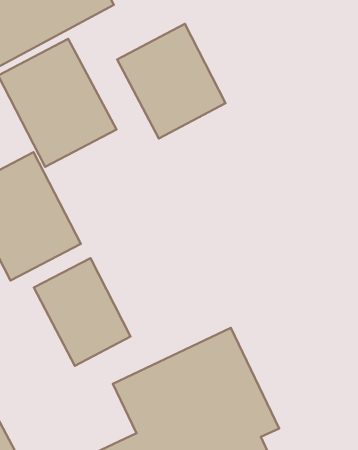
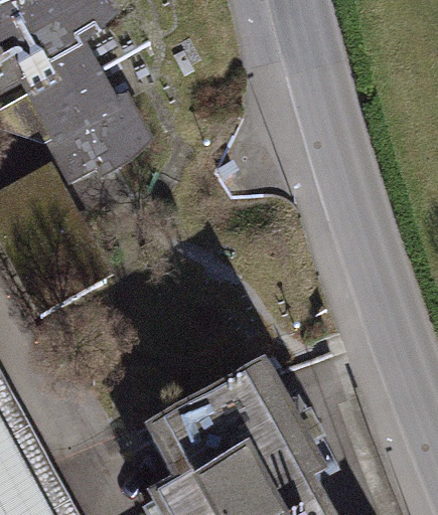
building: [117,24,226,138] -> none
building: [34,258,131,366] -> none

